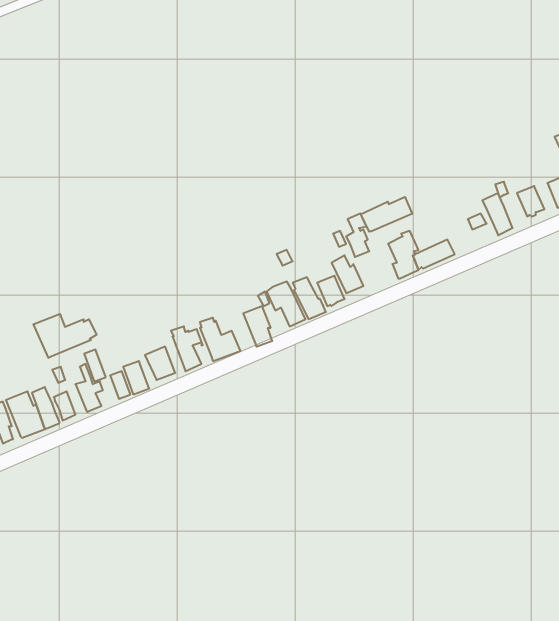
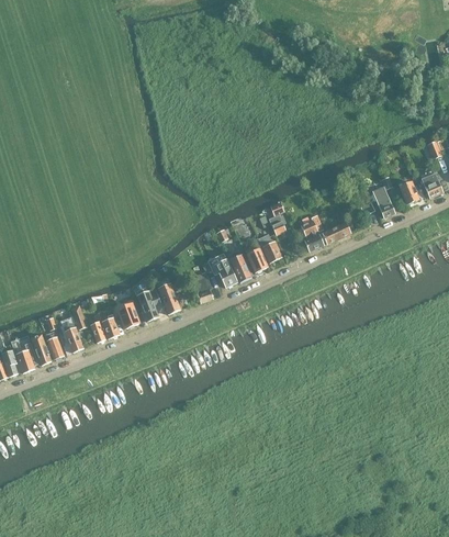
building: [361,197,412,232] -> none
building: [33,314,96,358] -> none

